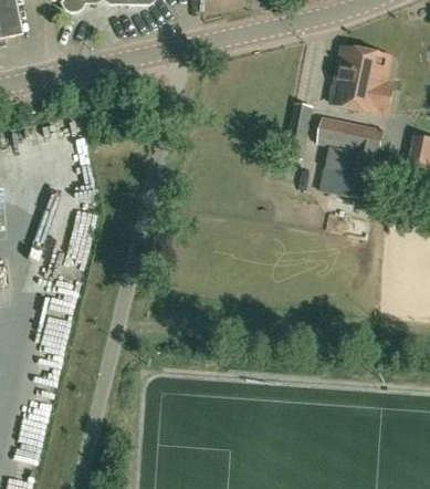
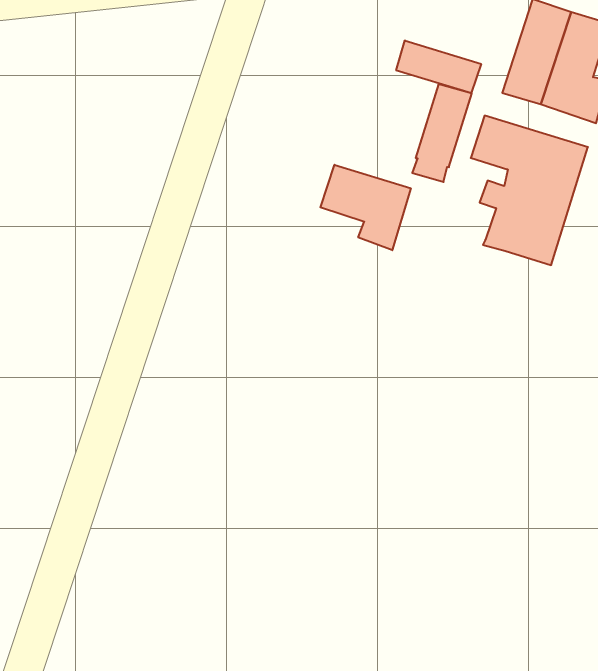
building: none -> [396,40,481,93]
building: none -> [320,165,411,250]

